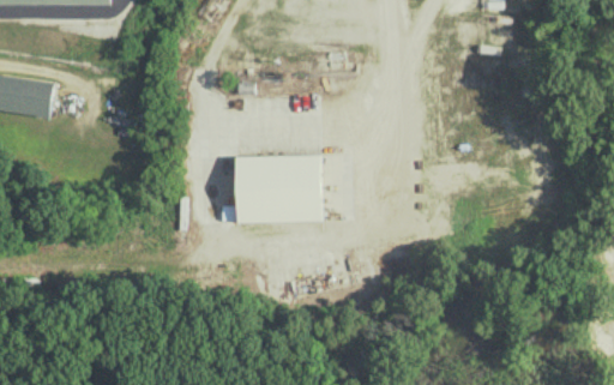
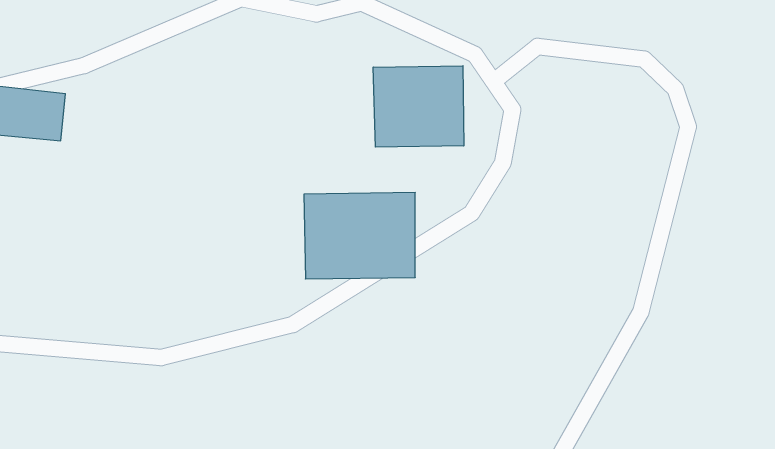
building: none -> [373,66,464,147]

